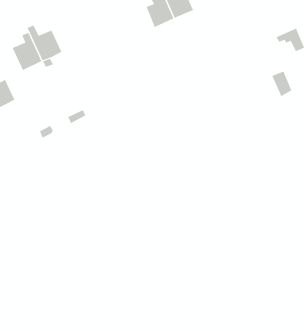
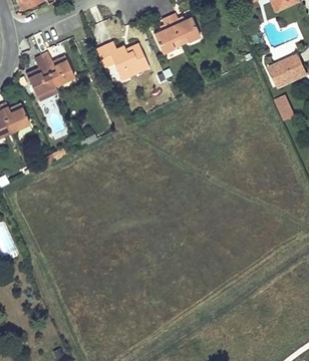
building: none -> [95,41,148,80]
building: none -> [268,62,297,85]

